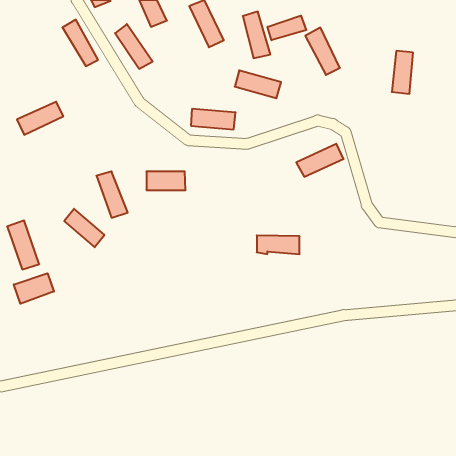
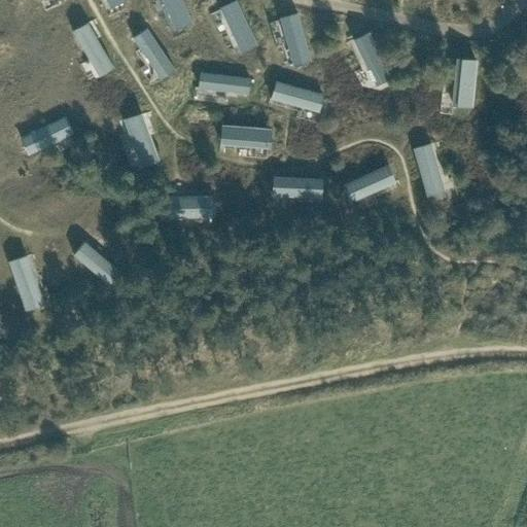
building: [268,16,306,40] -> none
building: none -> [198,73,250,96]
building: none -> [413,143,445,199]
building: [96,171,128,218] -> [124,114,160,168]
building: [257,235,300,254] -> [273,178,322,200]
building: [14,273,54,304] -> none

